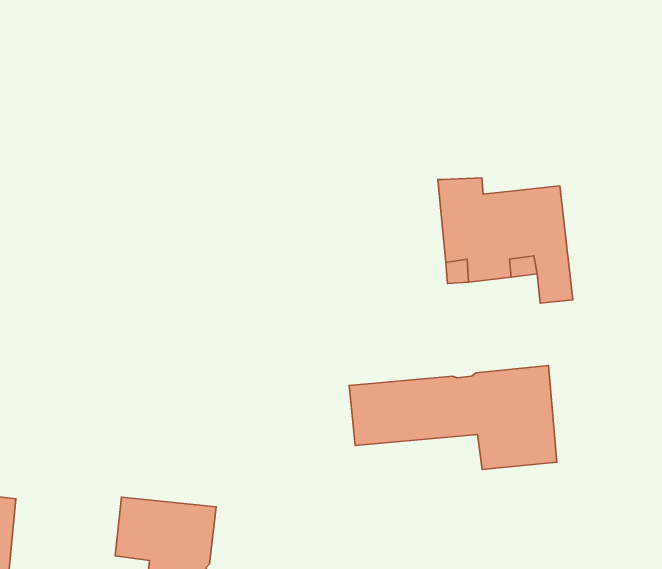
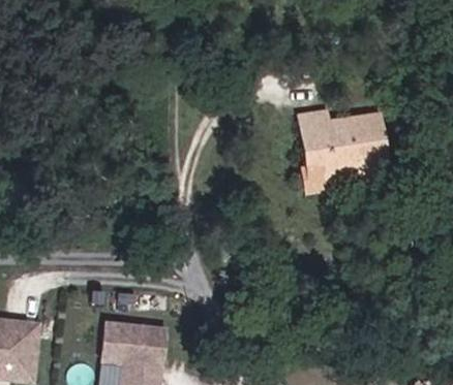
building: [349,365,557,469] -> none

